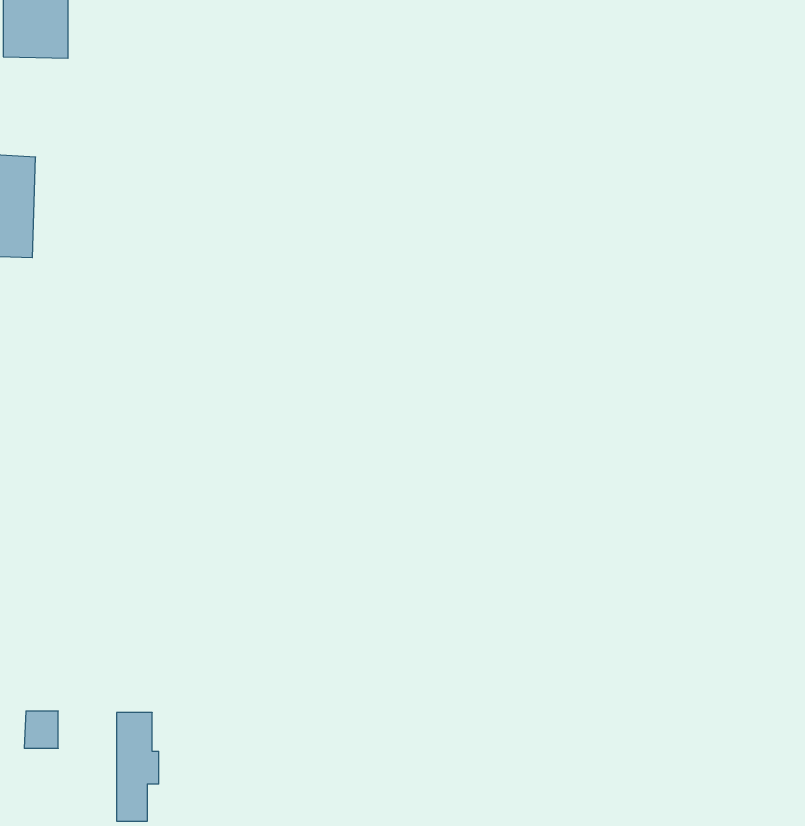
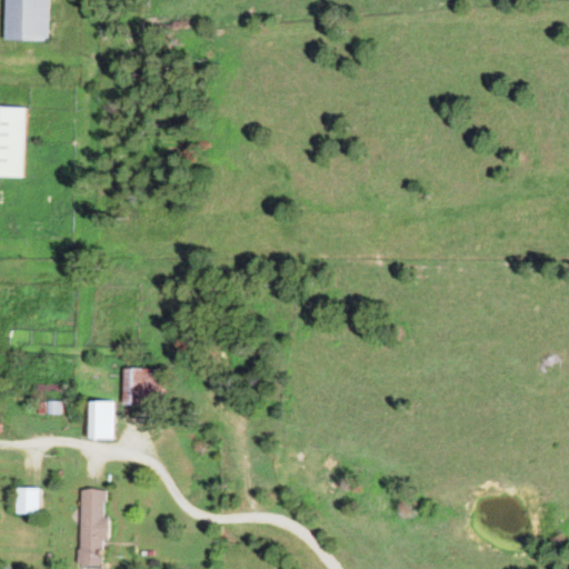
building: none -> [123,368,162,405]
building: none -> [88,401,113,439]

